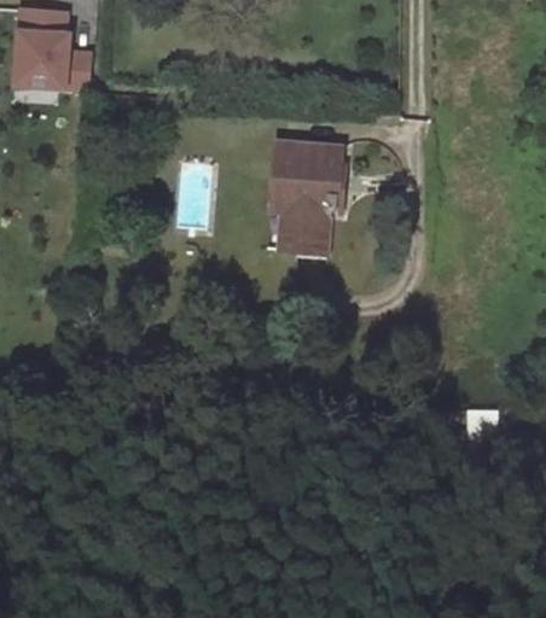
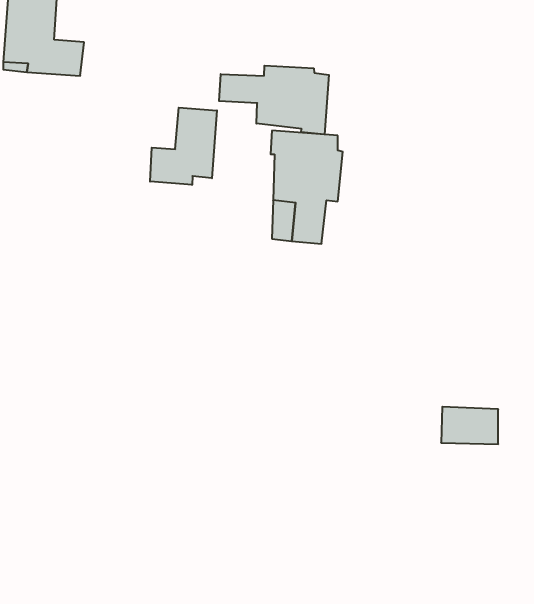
building: none -> [219,66,329,134]
building: none -> [150,108,217,185]

